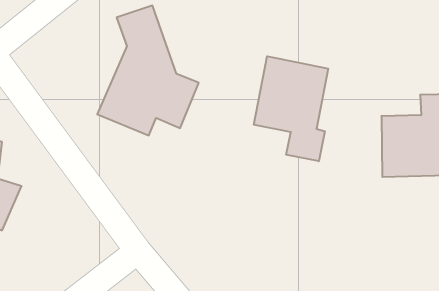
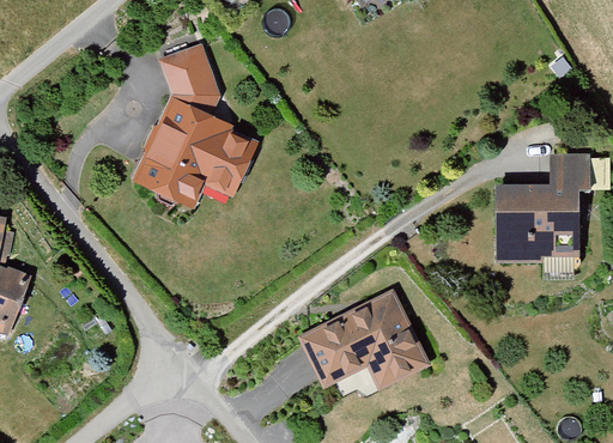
building: [254,56,328,161] -> none
building: none -> [302,292,430,390]

